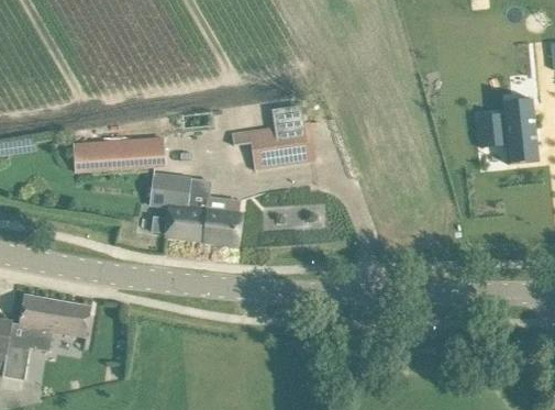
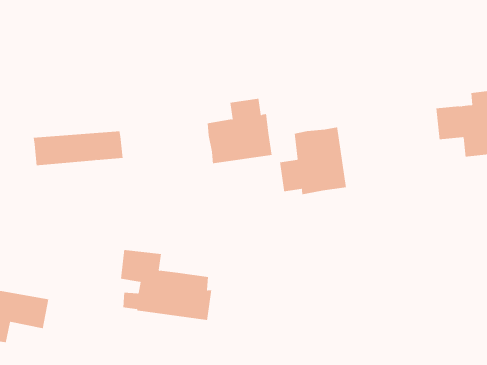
building: none -> [279,126,347,195]
building: [149,174,242,245] -> [120,249,212,320]

